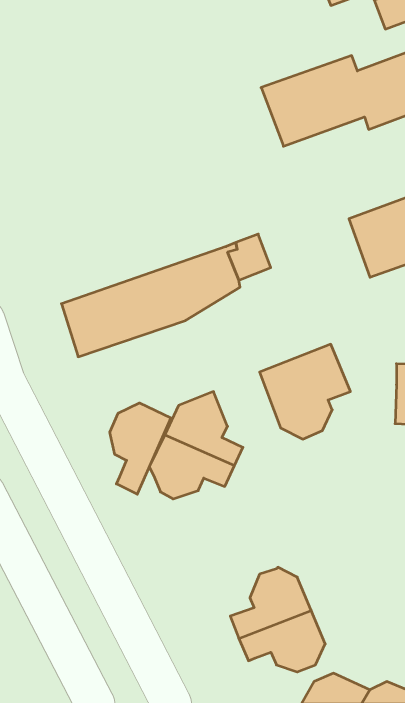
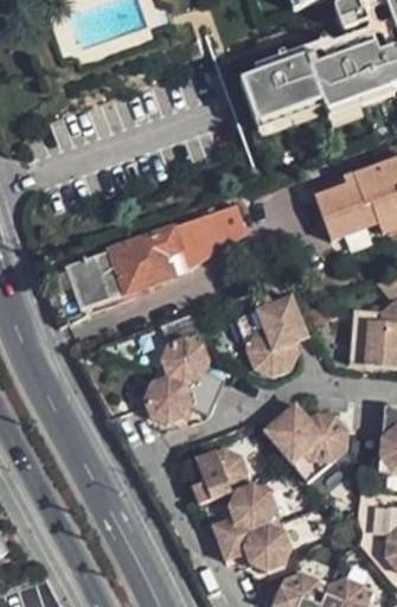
building: [110,403,171,494] -> none
building: none -> [264,404,346,480]
building: none -> [191,451,250,507]

